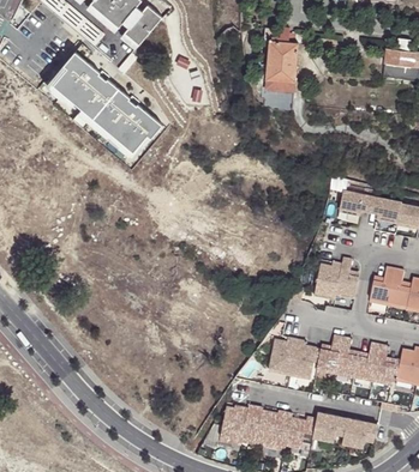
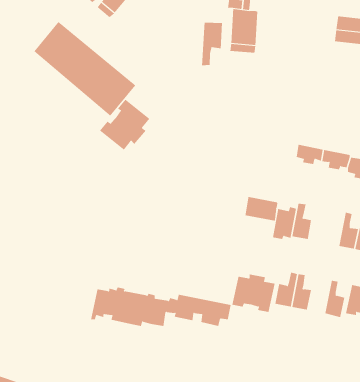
building: none -> [202,22,222,66]
building: none -> [99,99,150,150]
building: none -> [245,196,278,222]
building: [370,266,396,305] -> none
building: [354,341,381,381] -> none
building: [219,403,377,447] -> [90,287,232,326]

